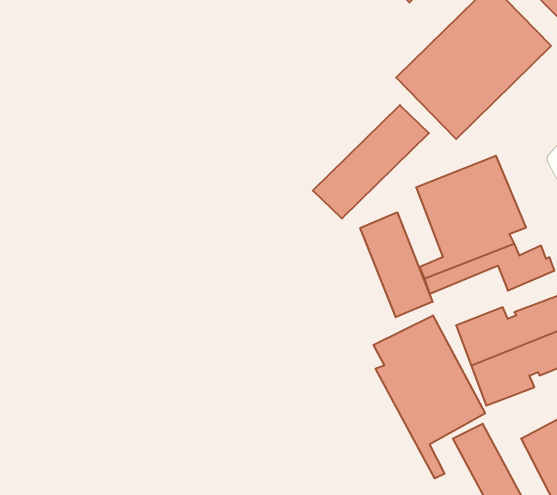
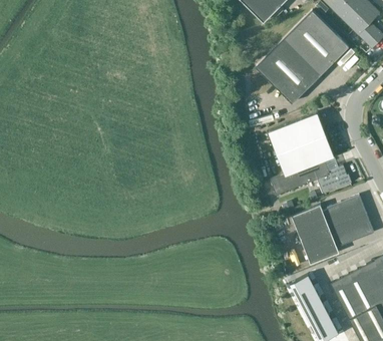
building: [313,105,429,219] -> none
building: [360,212,433,317] -> none
building: [374,315,485,478] -> none

